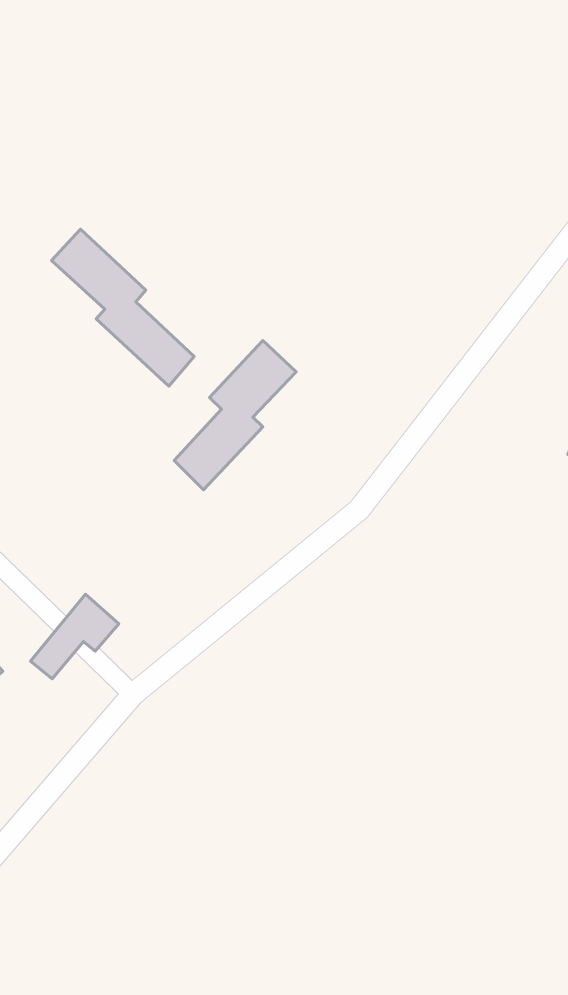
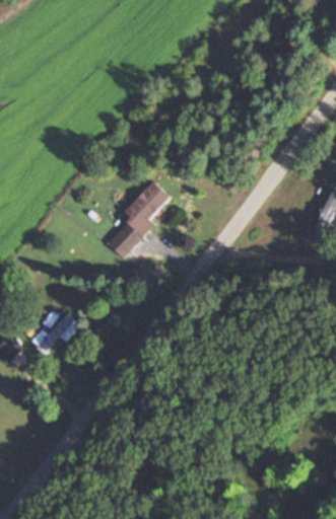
building: [52,229,194,386] -> none

